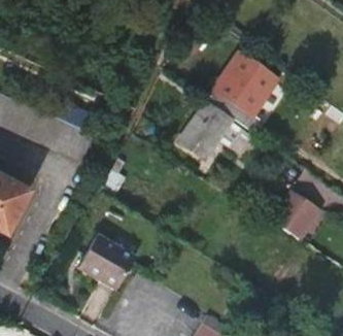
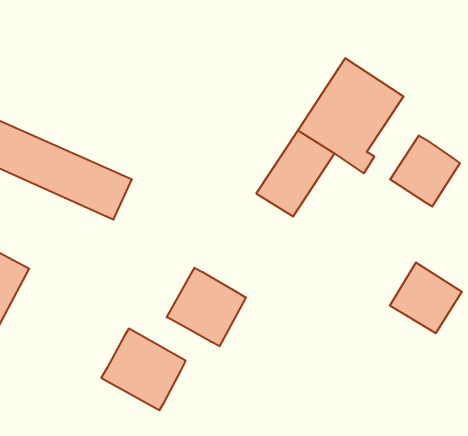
building: none -> [390,135,460,207]
building: none -> [167,268,246,346]

